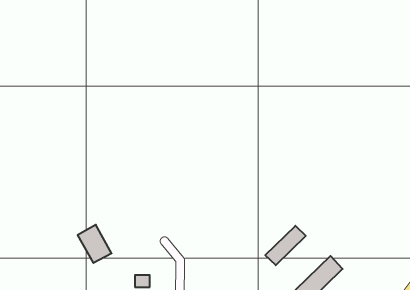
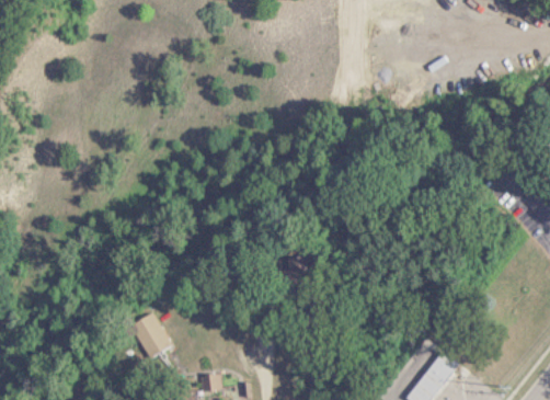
building: [265,226,306,265] -> none

